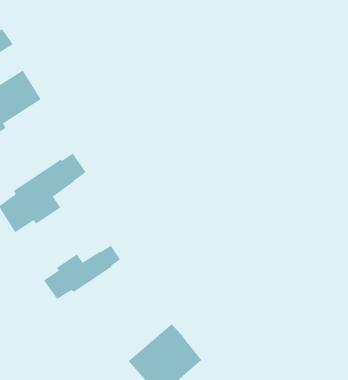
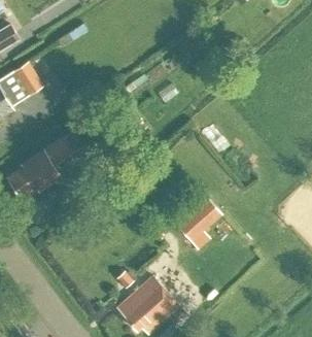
building: none -> [174,198,219,242]
building: [43,245,121,300] -> none

